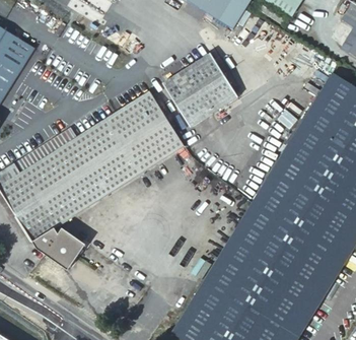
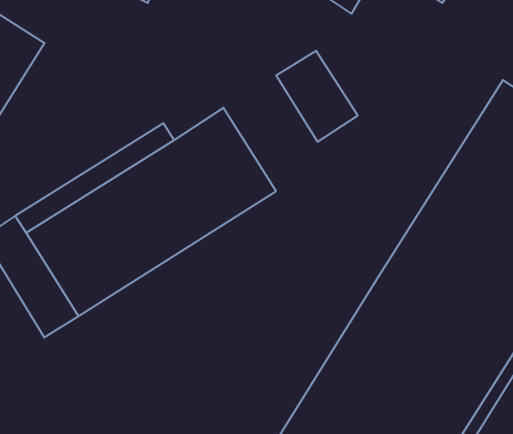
building: [163,70,212,127] -> none
building: [33,228,83,268] -> none

